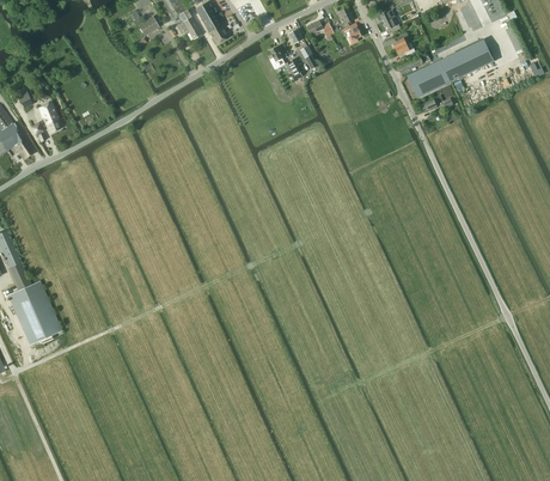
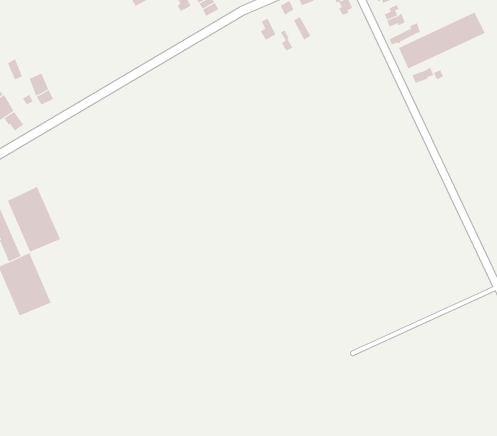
building: none -> [7,186,61,253]

